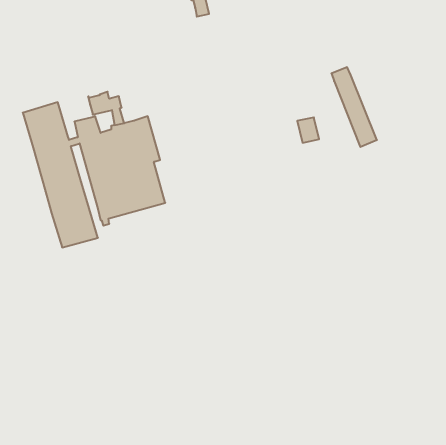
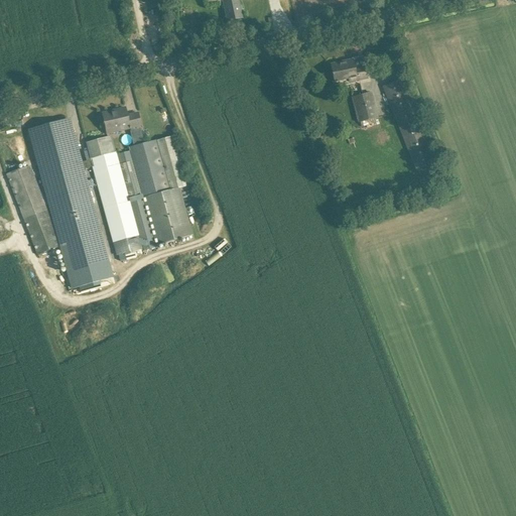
building: none -> [330,58,366,81]
building: [297,117,319,143] -> [352,92,377,121]
building: none -> [6,164,59,253]

